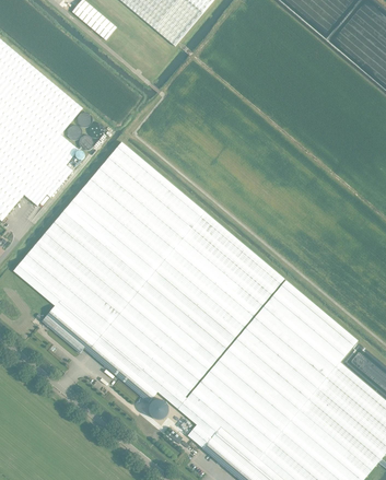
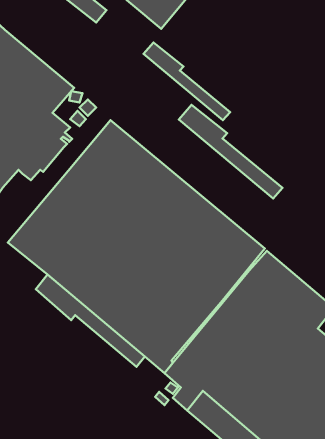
building: none -> [144,43,230,120]
building: none -> [179,105,282,198]

